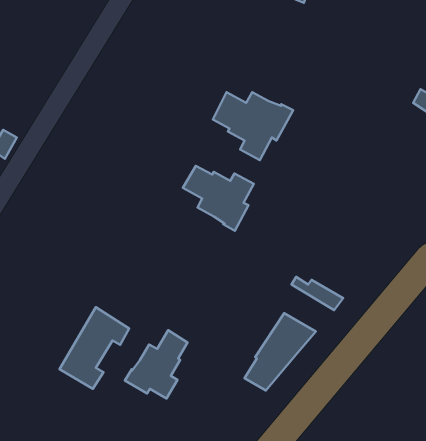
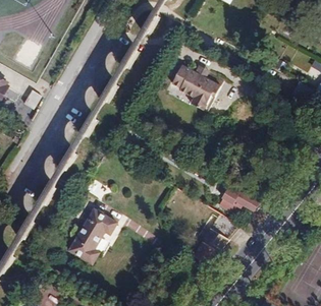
building: [183,166,254,231] -> none
building: [125,330,188,399] -> none

